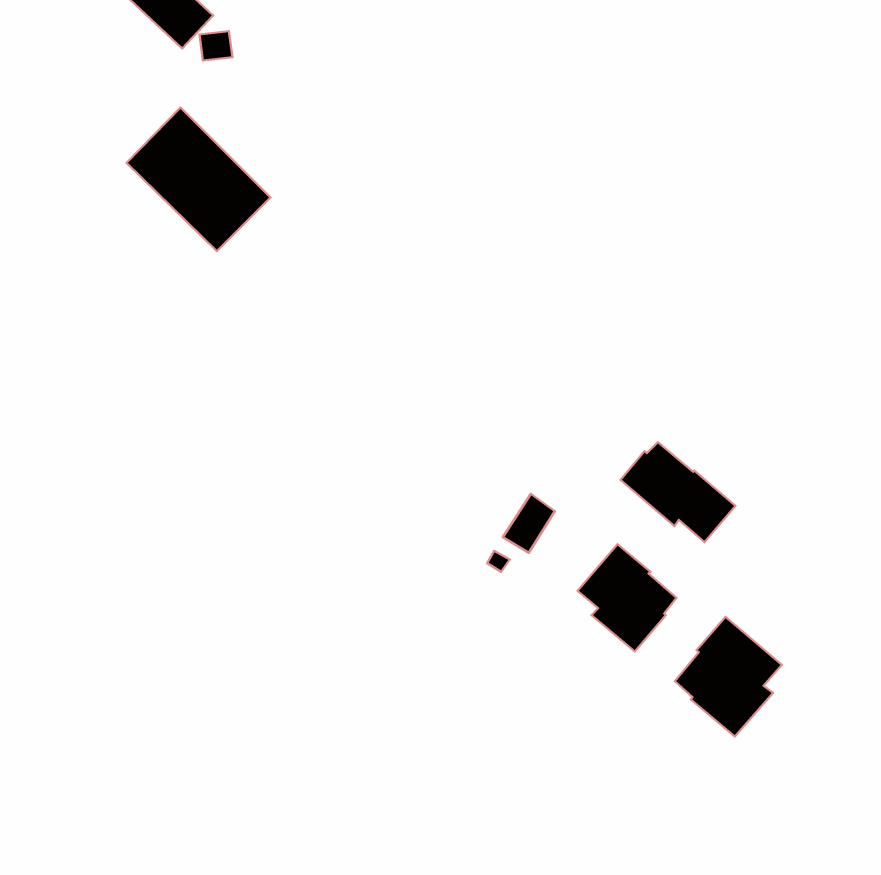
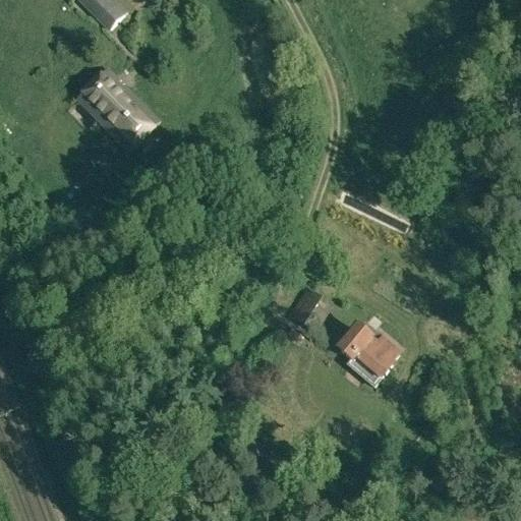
building: [620,442,735,542] -> none
building: [675,617,782,737] -> none

